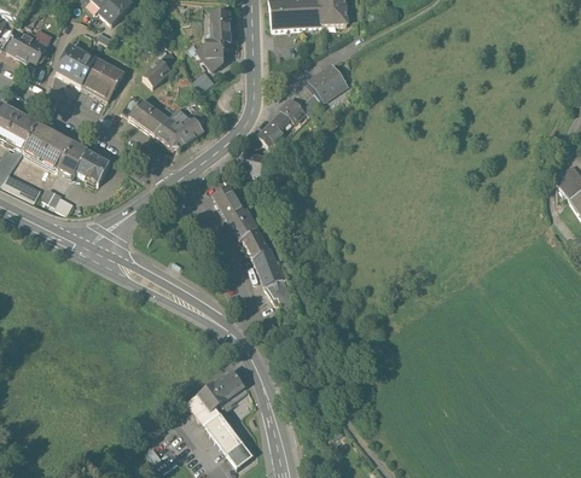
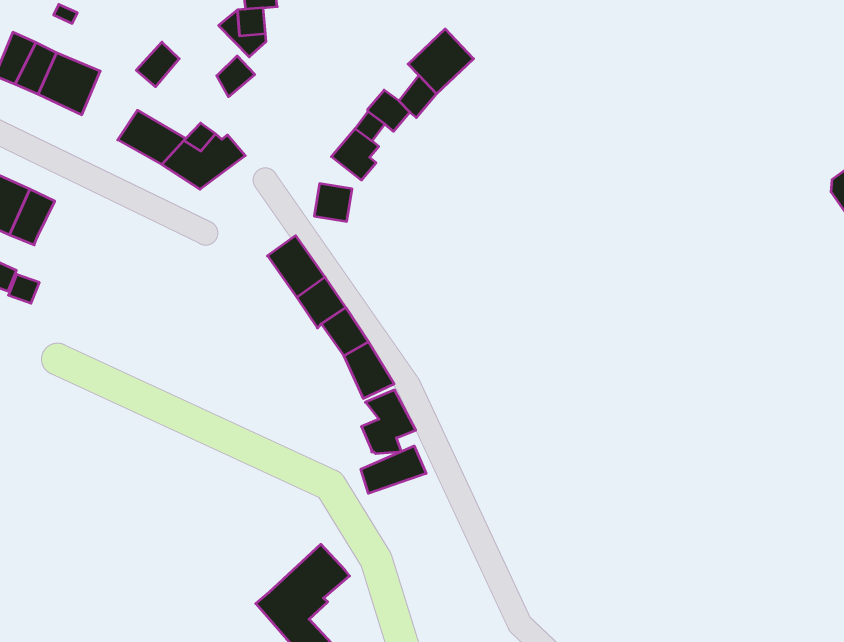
building: [75,148,109,181] -> none
building: none -> [361,446,426,493]

